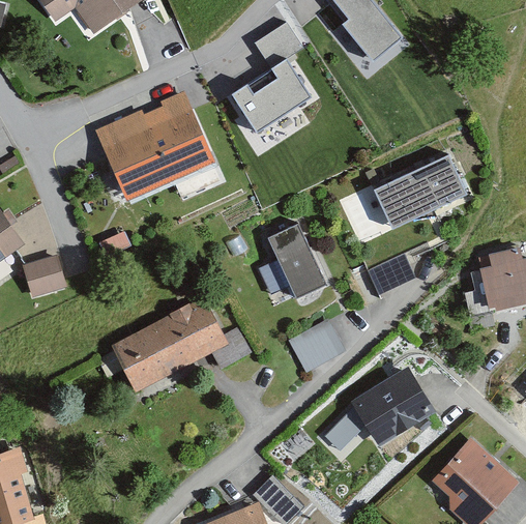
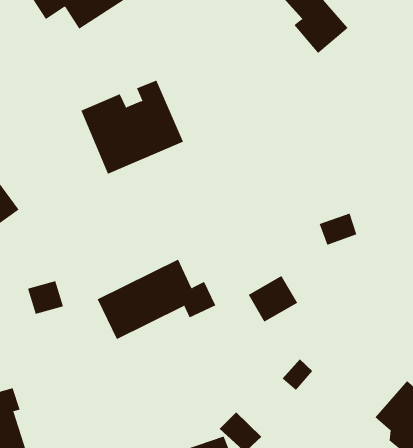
building: [234,17,312,126] -> none
building: [376,154,470,231] -> none
building: [266,226,325,296] -> none
building: [23,256,65,295] -> [27,280,64,315]
building: [354,368,438,445] -> none

